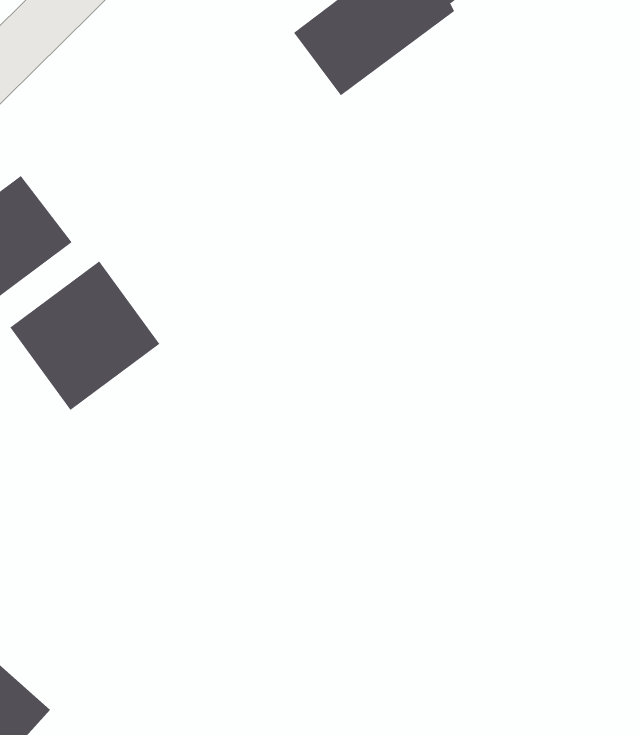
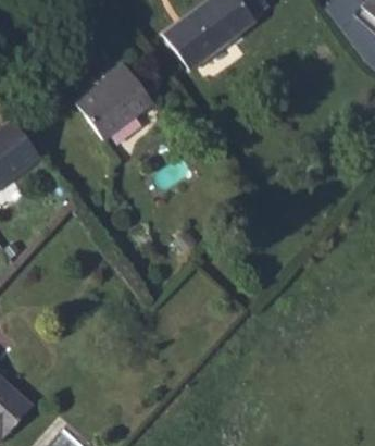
building: none -> [80,62,157,138]
building: [10,260,160,411] -> none

